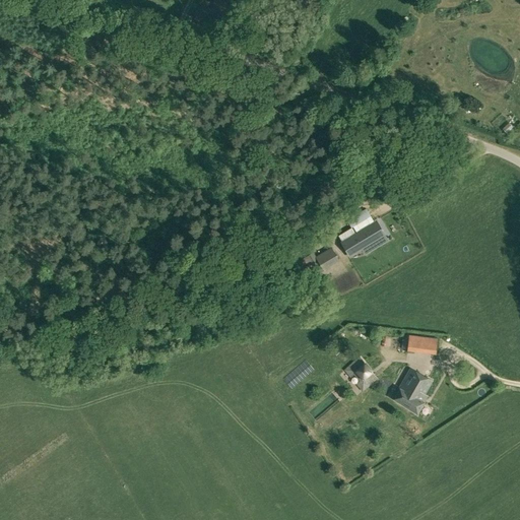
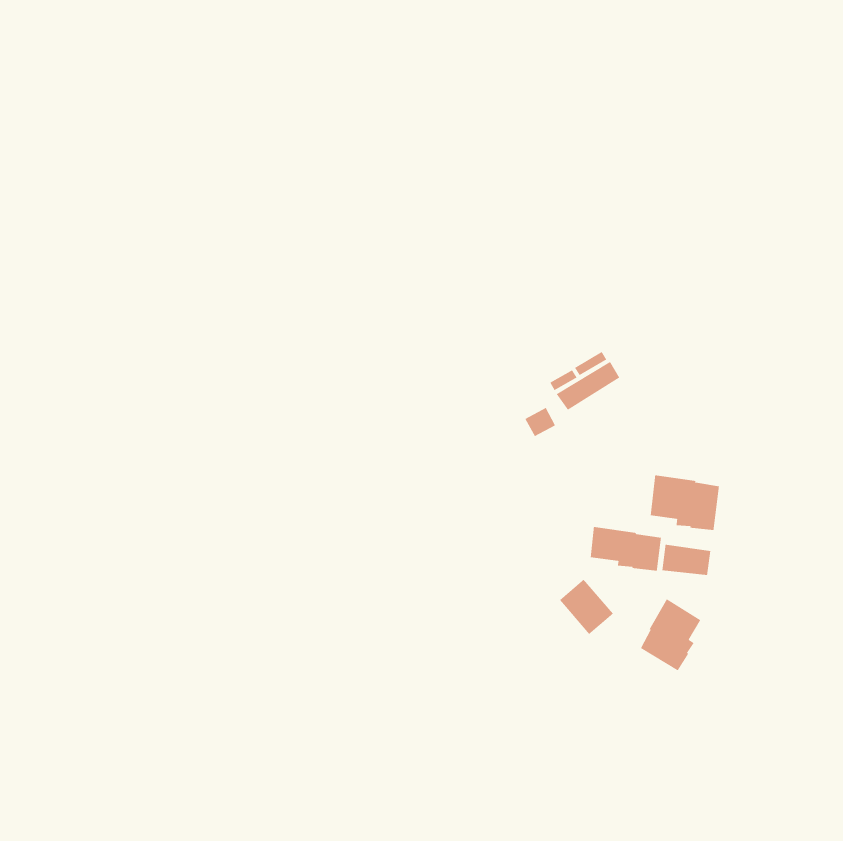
building: none -> [650,474,720,531]
building: none -> [590,526,661,572]

